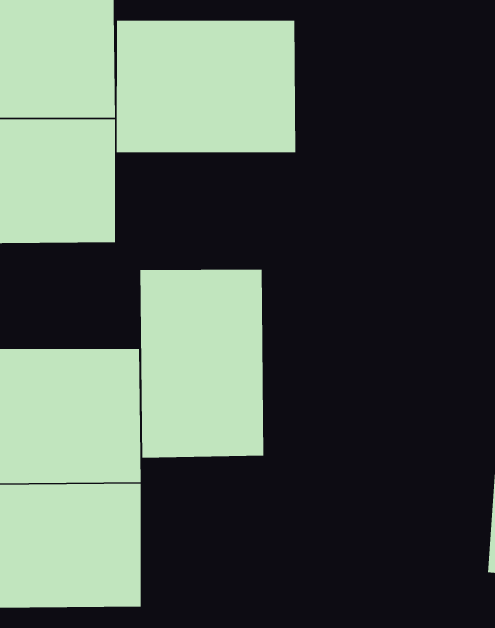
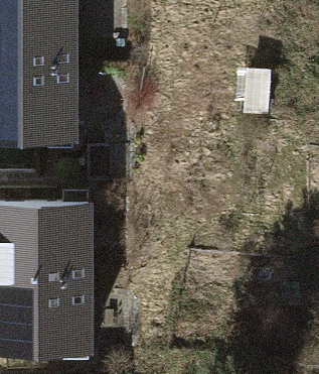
building: [116,20,296,153] -> none
building: [140,269,264,458] -> none

